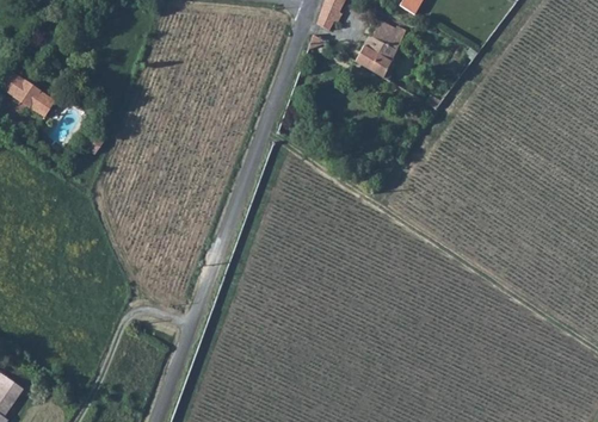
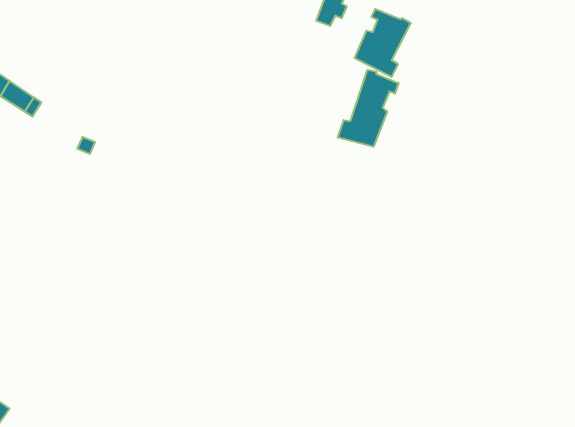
building: none -> [338,70,399,147]

